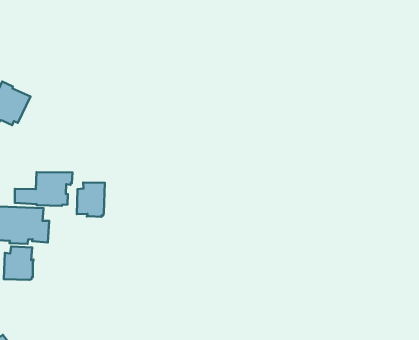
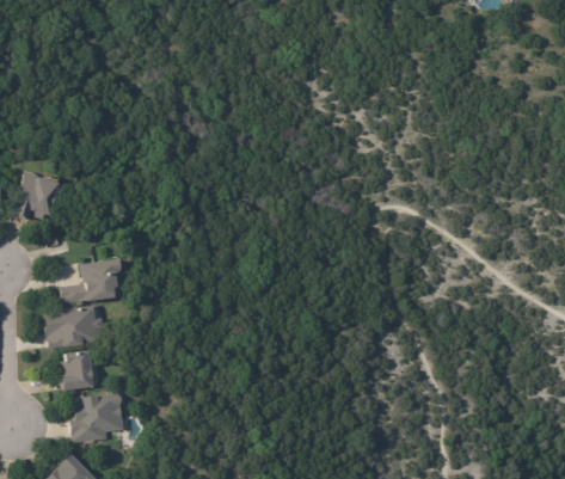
building: [77,182,105,217] -> none
building: none -> [69,392,123,442]

